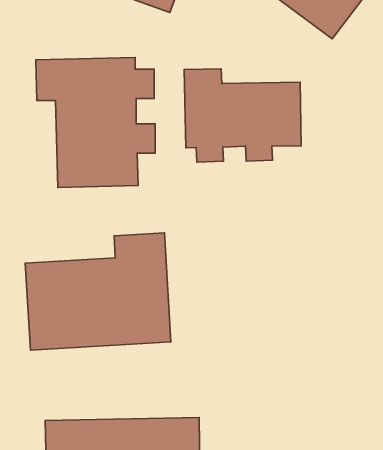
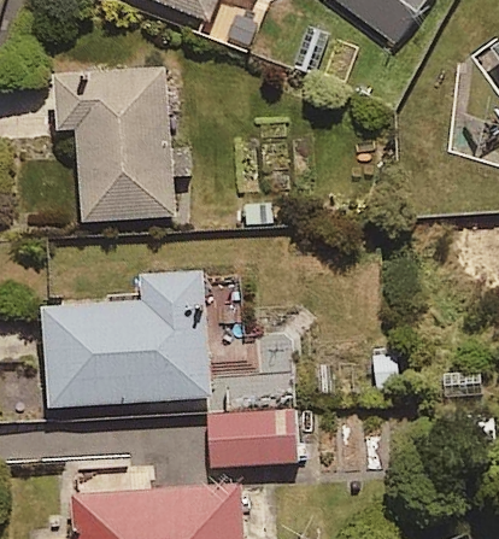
building: [184,69,301,162] -> none
building: none -> [209,411,298,469]

